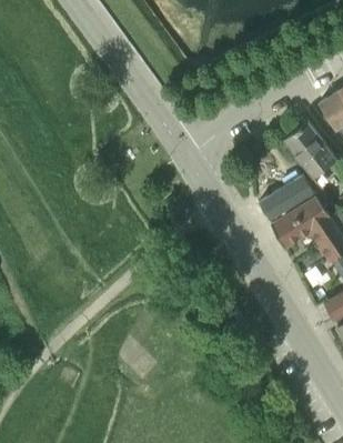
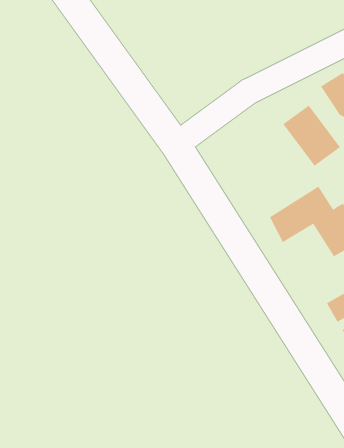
building: [258,175,314,221] -> none

